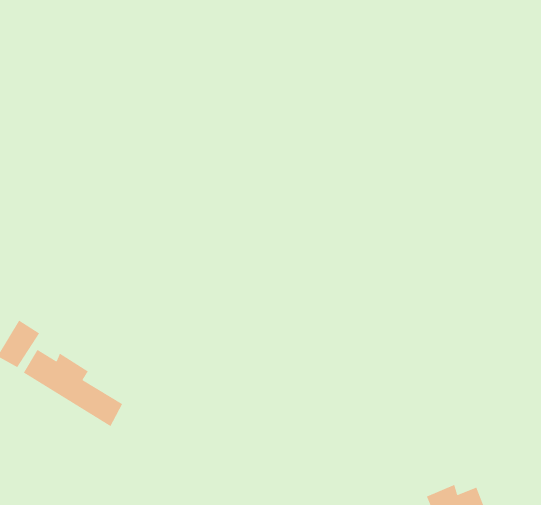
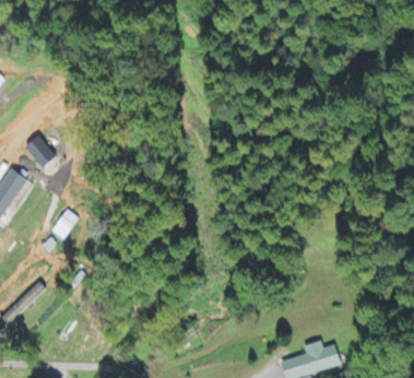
building: [23,349,123,427] -> none

